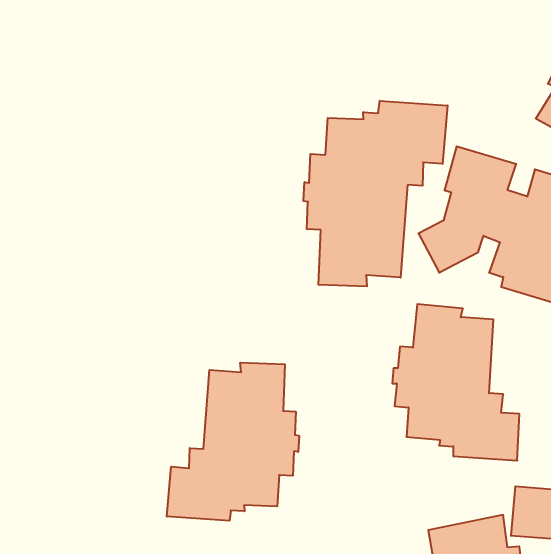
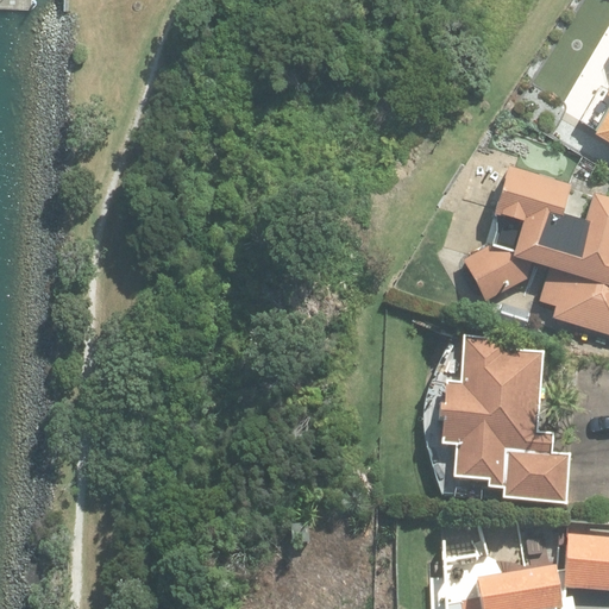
building: [303,101,448,286] -> none
building: [167,363,299,521] -> none

